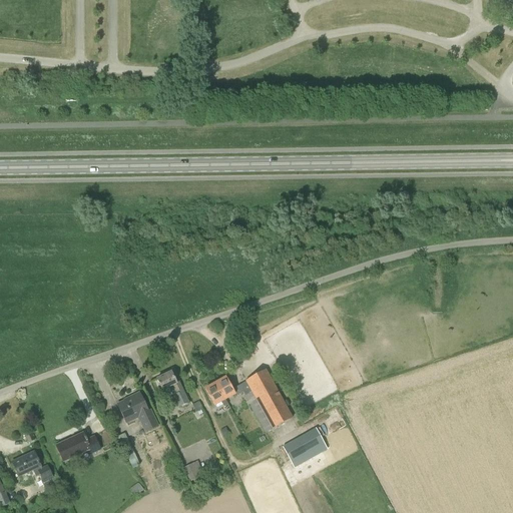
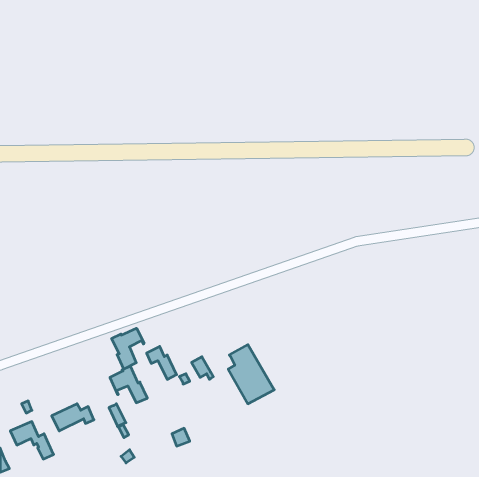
building: none -> [112,328,144,369]
building: [216,376,251,397] -> none
building: [283,426,329,466] -> none

